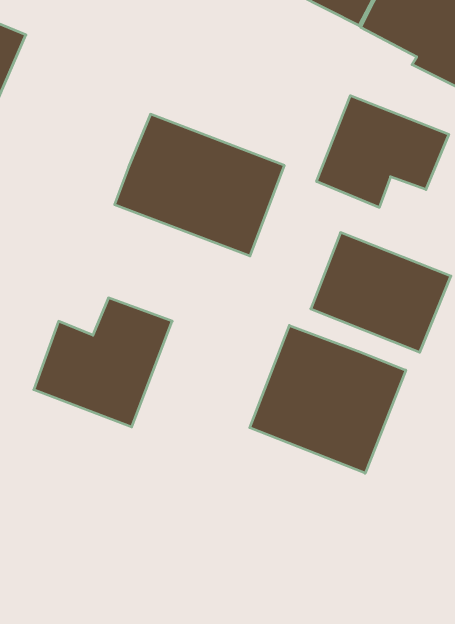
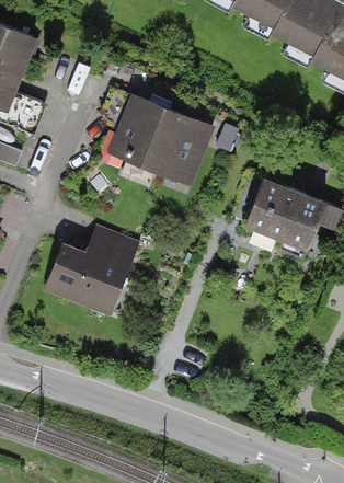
building: [317,96,449,207] -> none
building: [250,325,406,473] -> none

